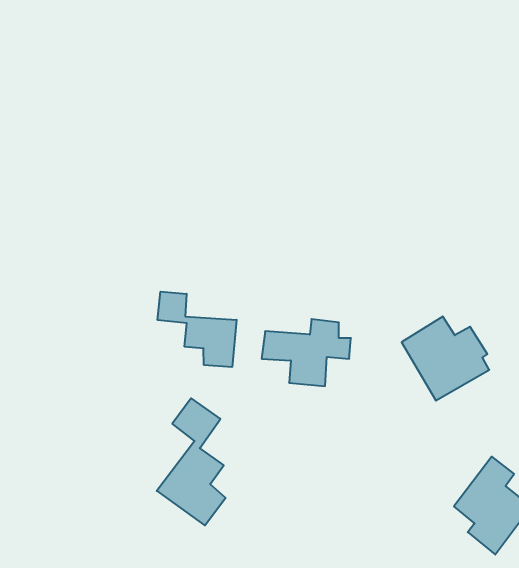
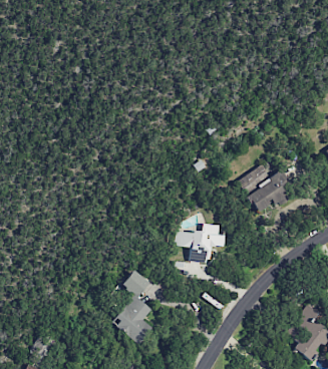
building: [158,292,237,367] -> none
building: [402,316,489,401] -> [238,164,289,214]

